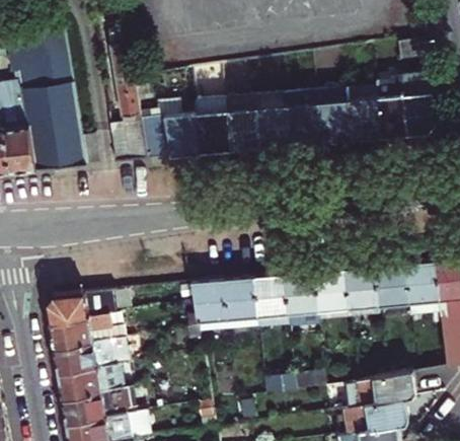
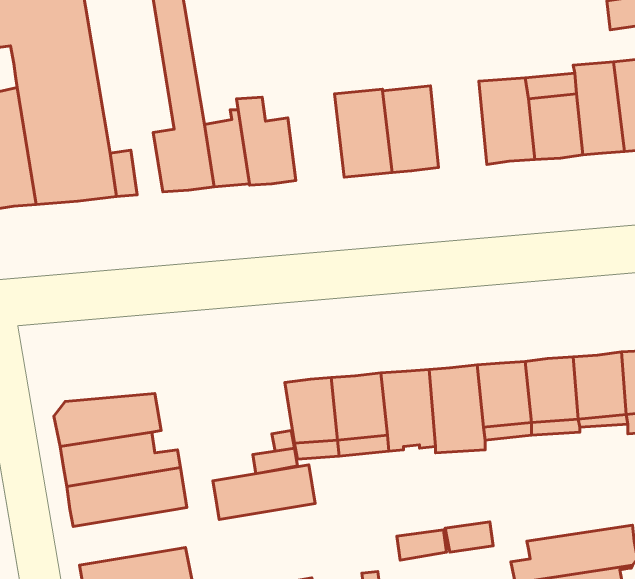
building: [285,91,320,146] -> none
building: [194,99,230,154] -> none
building: [59,363,124,397] -> [213,465,315,519]

